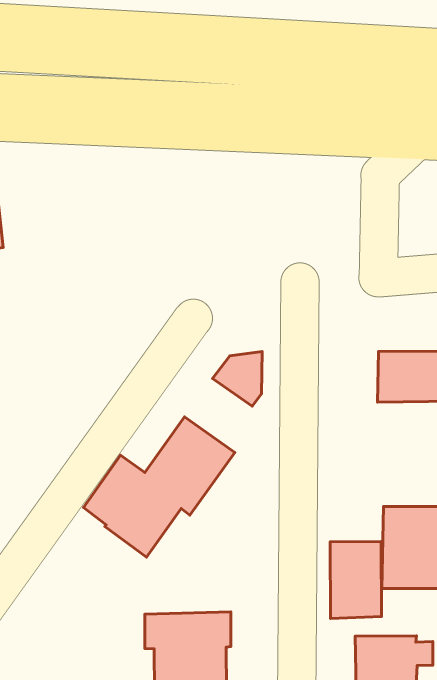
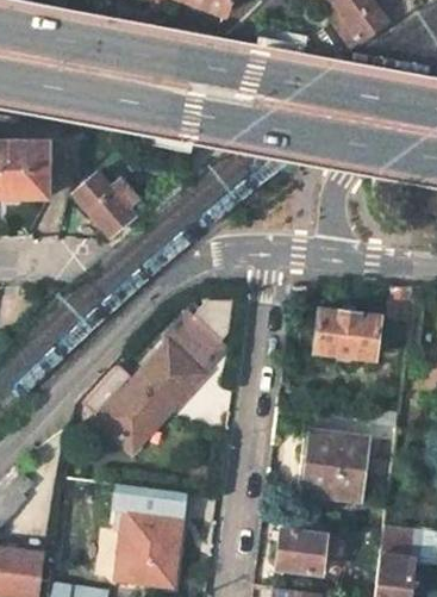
building: none -> [75,179,138,240]
building: none -> [170,317,230,375]
building: [330,542,382,618] -> none

